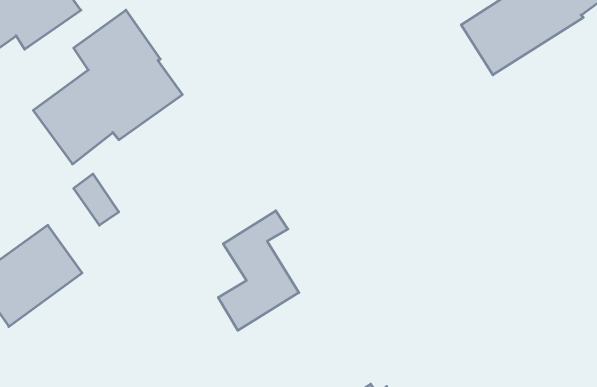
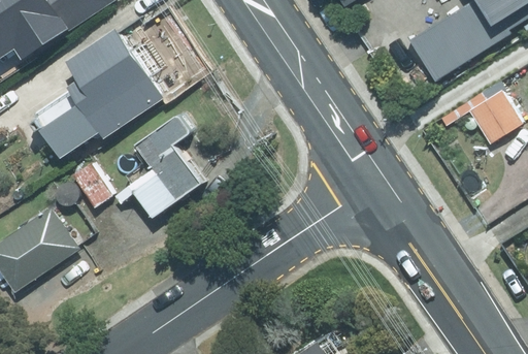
building: none -> [459,92,512,144]
building: [218,211,299,330] -> [140,116,208,217]

